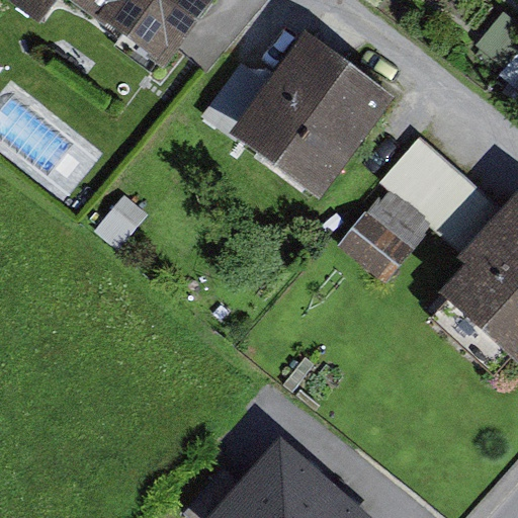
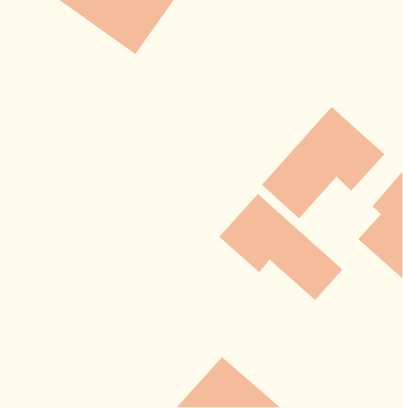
building: [233,30,400,199] -> none
building: none -> [218,193,343,301]

